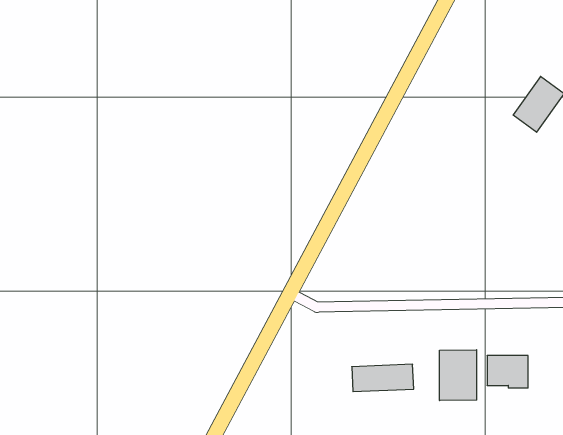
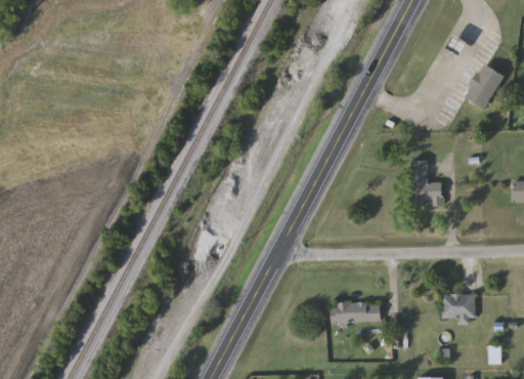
building: none -> [410,161,442,207]
building: [440,350,477,401] -> none

